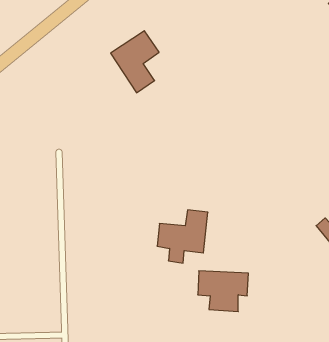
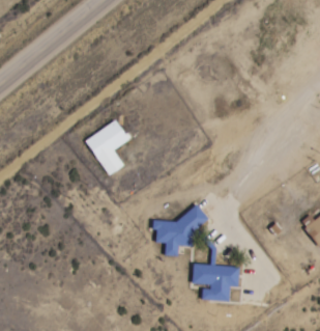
building: [111,31,159,93] -> [86,119,130,176]

